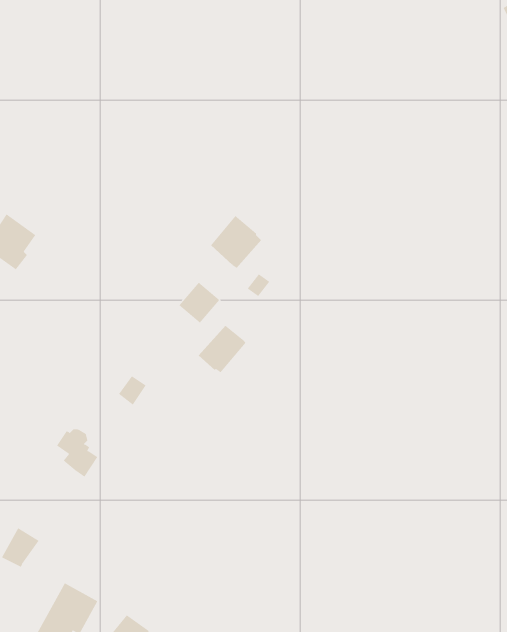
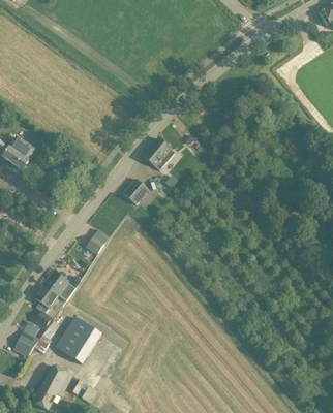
building: [198,325,246,373] -> none
building: none -> [33,280,59,328]
building: none -> [56,316,102,364]

